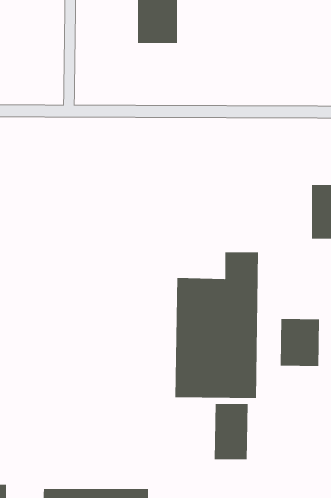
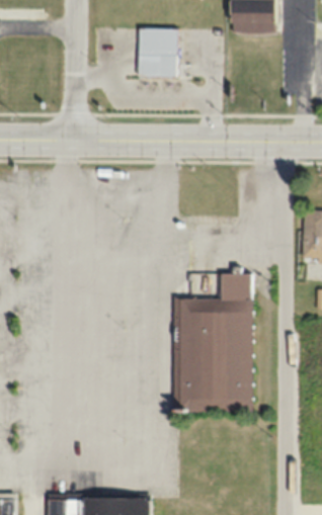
building: [280,318,319,367] -> none
building: [214,403,248,460] -> none

